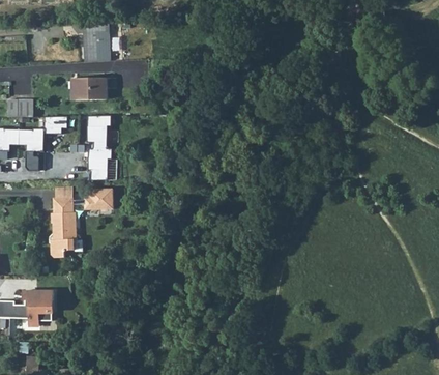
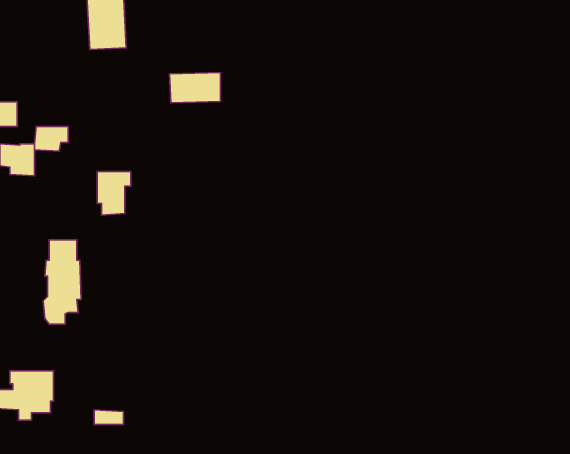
building: [69,78,106,99] -> [169,72,220,103]
building: [87,115,111,148] -> none
building: [85,189,113,209] -> none

